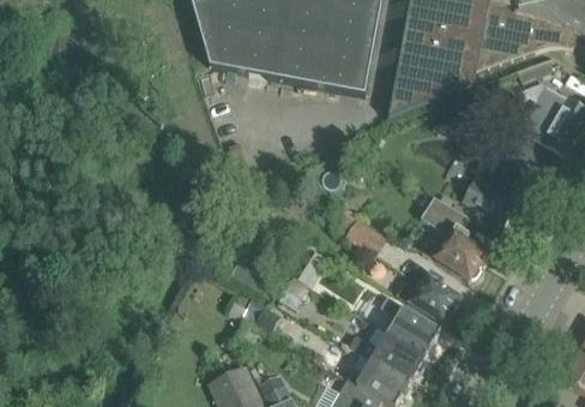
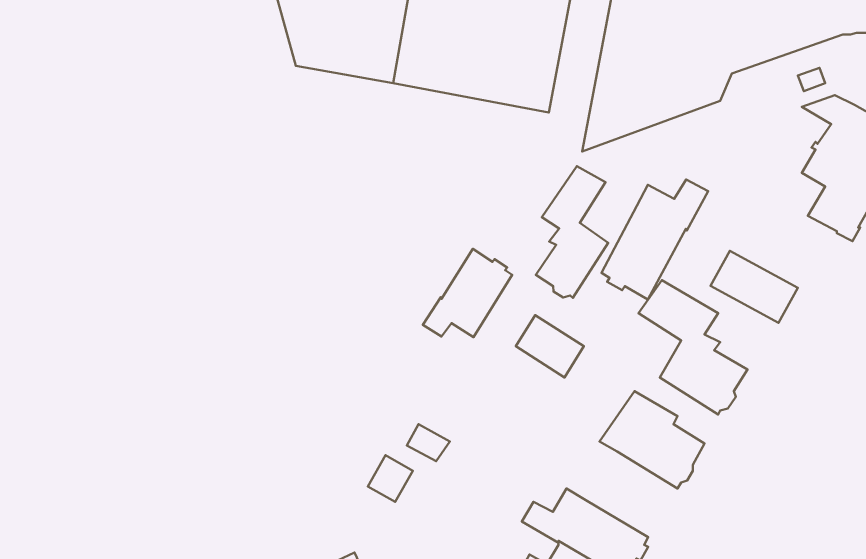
building: none -> [536,166,608,298]
building: none -> [602,180,708,300]
building: none -> [423,249,512,337]
building: [381,295,442,354] -> none

